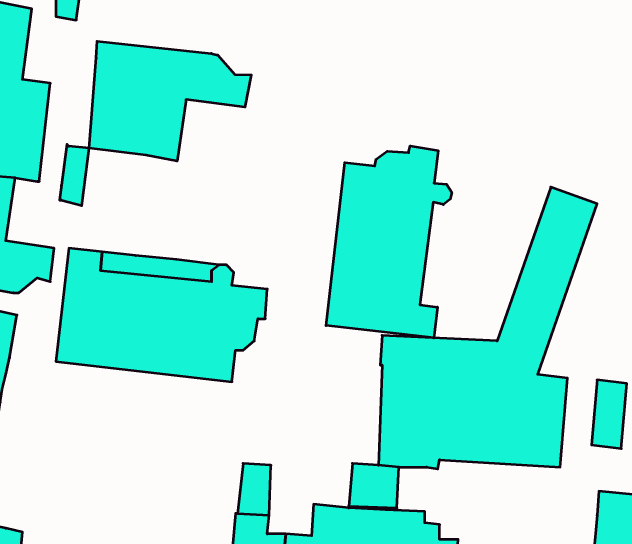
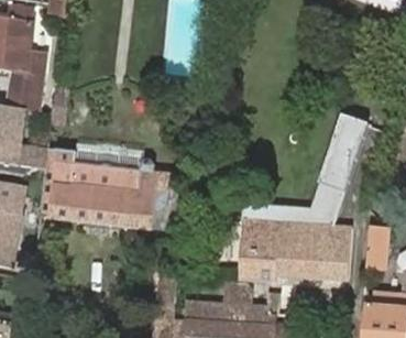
building: [89,41,251,161] -> none
building: [326,146,452,338] -> none

